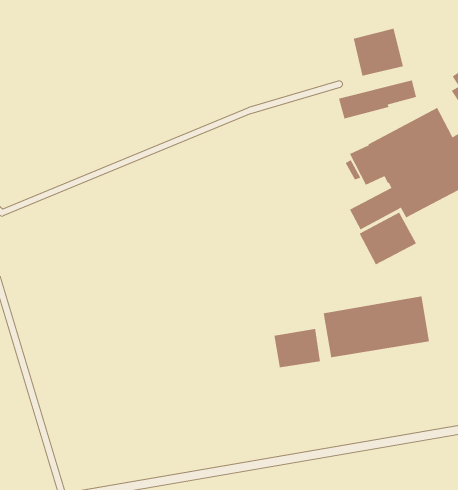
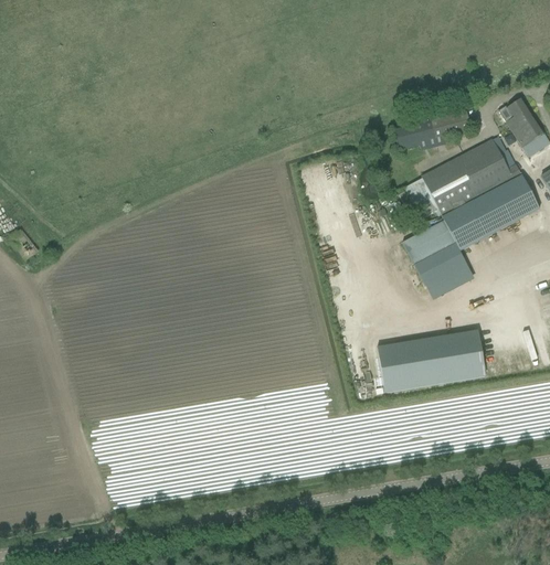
building: [353,28,403,76] -> none
building: [274,328,321,368] -> none

